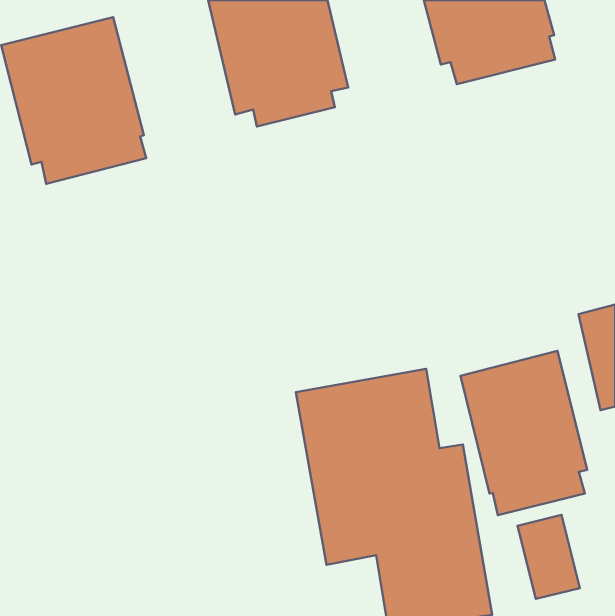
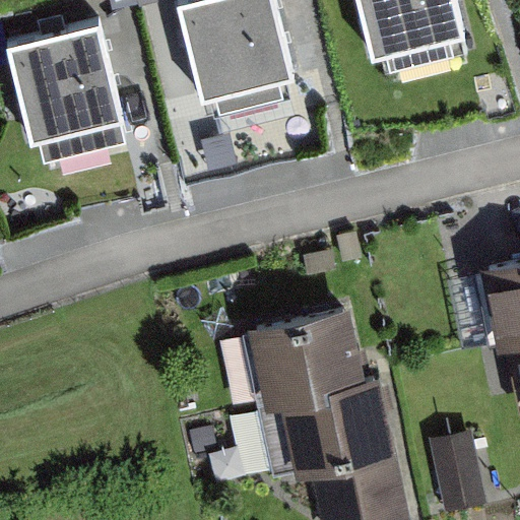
building: [460,351,587,515] -> none

